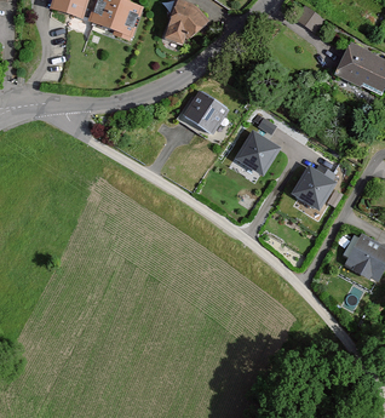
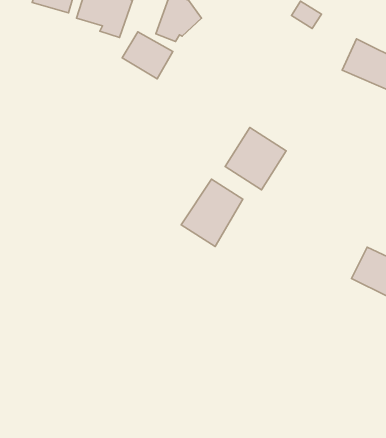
building: [180,91,228,134] -> [122,32,173,79]
building: [288,162,338,213] -> none
building: none -> [181,179,243,247]

